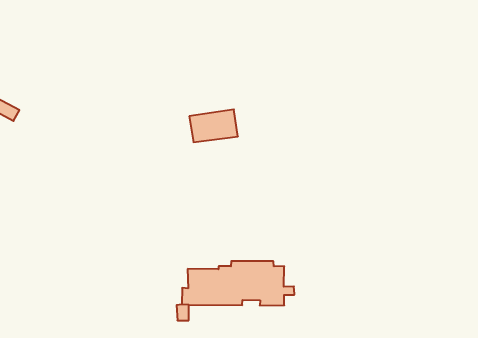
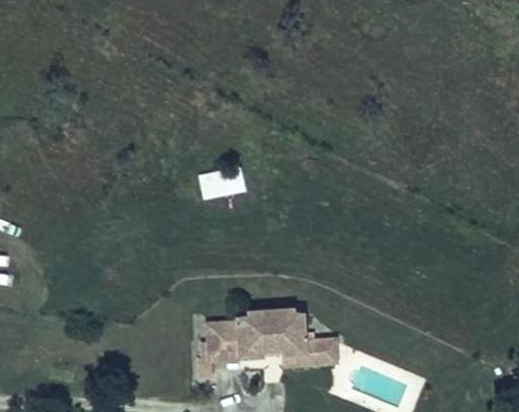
building: none -> [282,340,338,366]

